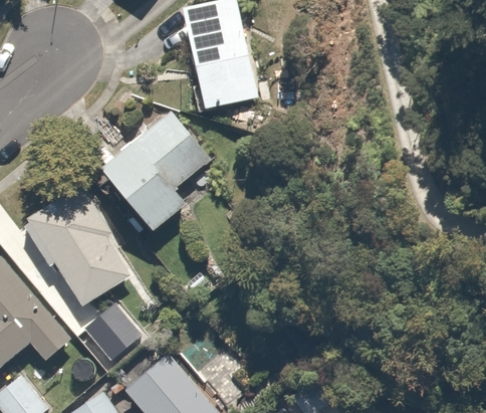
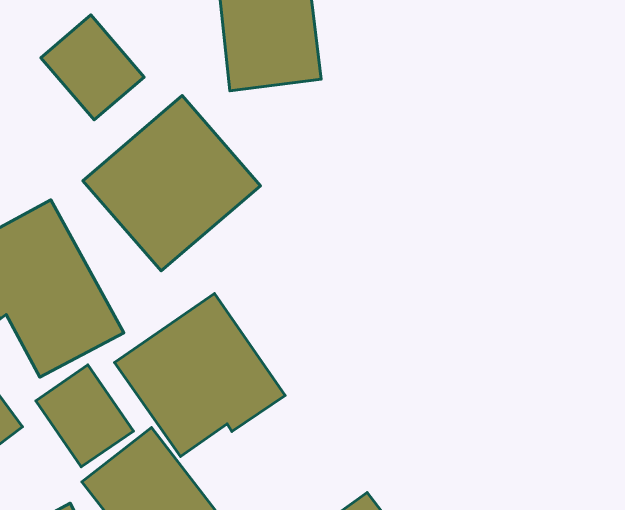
building: none -> [41,15,144,120]
building: none -> [115,294,285,457]

